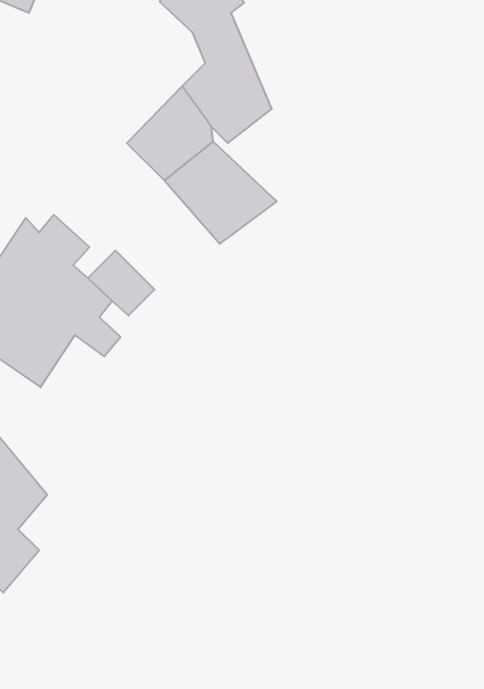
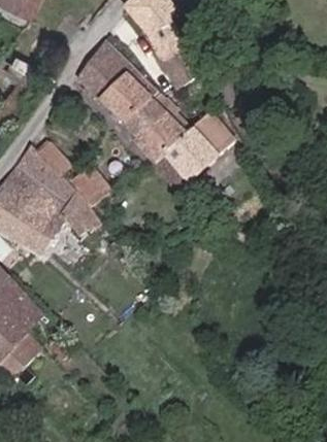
building: none -> [75,34,131,96]
building: none -> [163,113,237,184]

